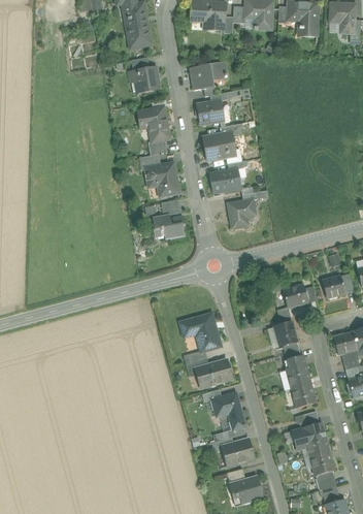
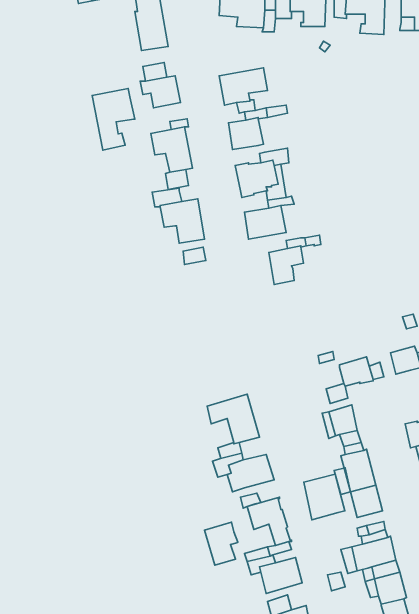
building: none -> [92,88,135,150]
building: [153,216,185,237] -> none
building: none -> [304,474,345,520]
building: none -> [204,522,238,565]

